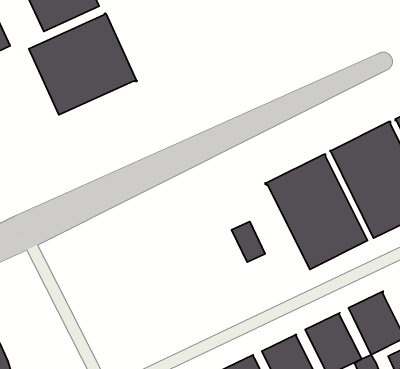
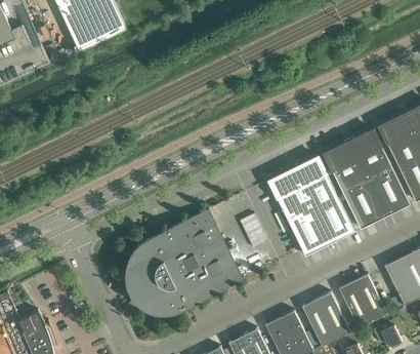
building: [29,13,137,115] -> none
building: none -> [126,208,242,311]

